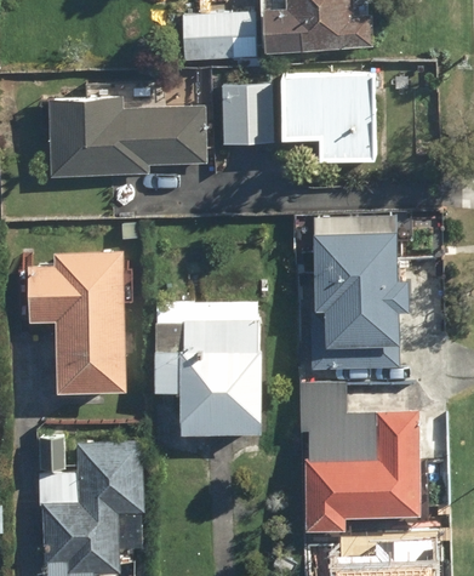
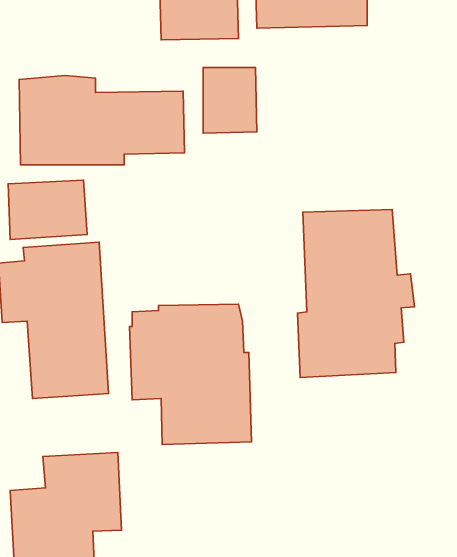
building: [285,75,378,159] -> none
building: none -> [8,180,87,239]
building: [301,387,418,529] -> none

